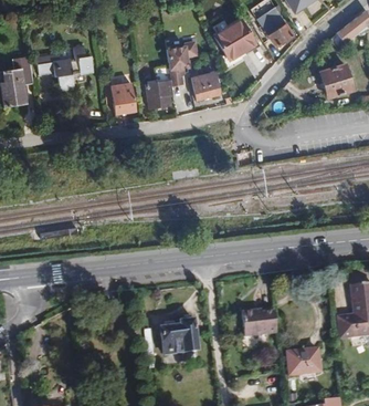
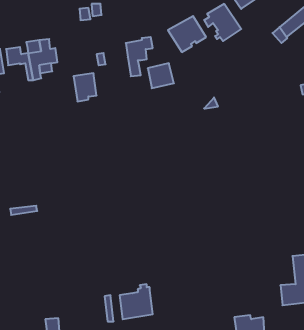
building: [320,62,354,97] -> none
building: [146,64,175,107] -> none
building: [243,310,278,334] -> none

